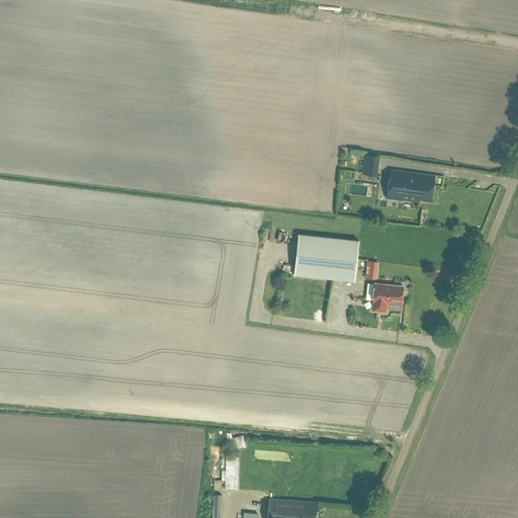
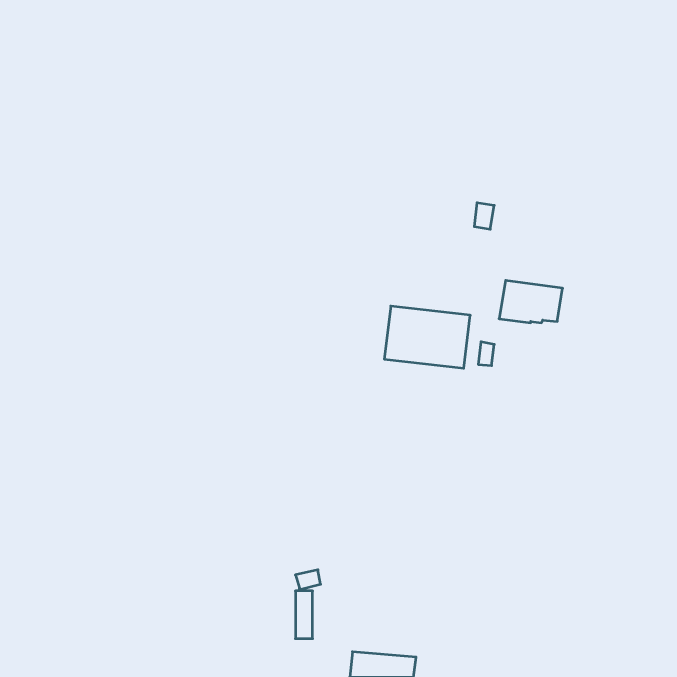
building: [384,169,433,201] -> [499,280,563,323]
building: [372,283,403,312] -> none

